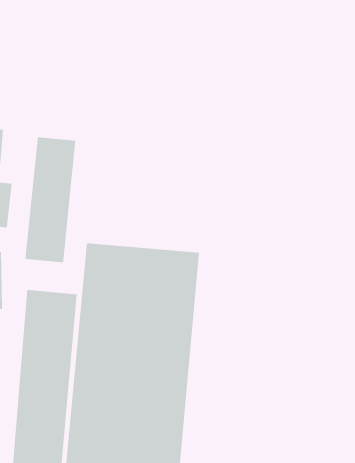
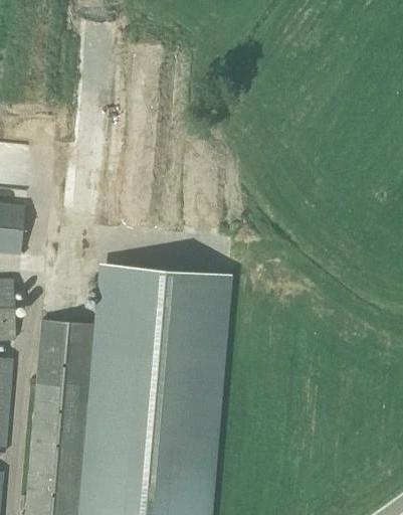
building: [25,137,76,263] -> none

